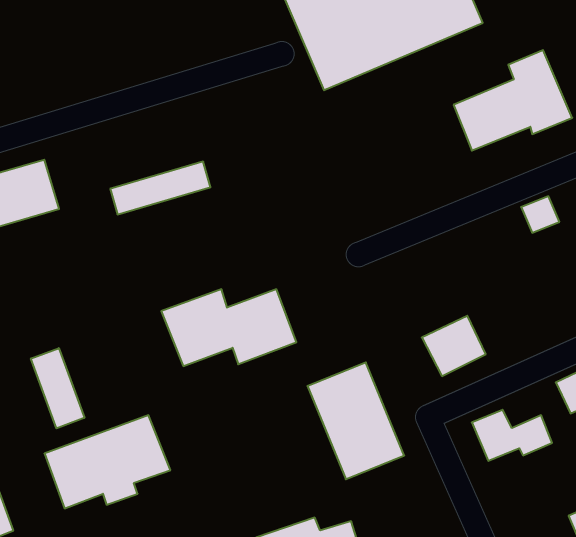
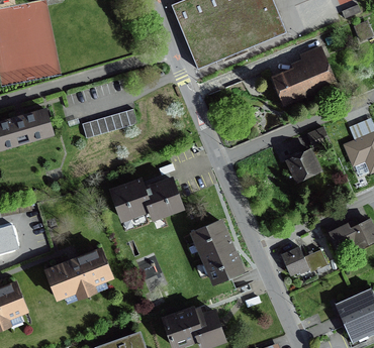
building: [422,316,486,376] -> [284,148,319,182]
building: [31,348,84,428] -> none

